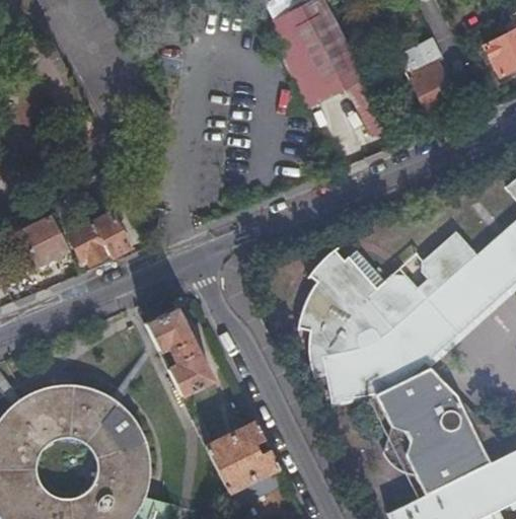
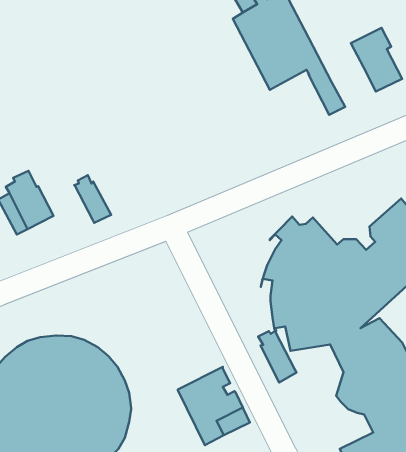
building: [67,217,108,266] -> none
building: [145,308,214,397] -> none
building: none -> [258,331,297,383]

